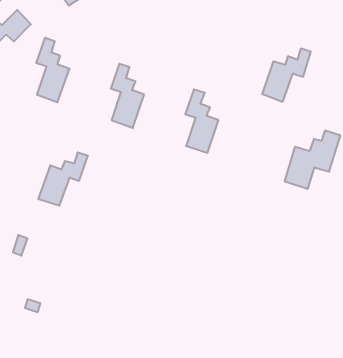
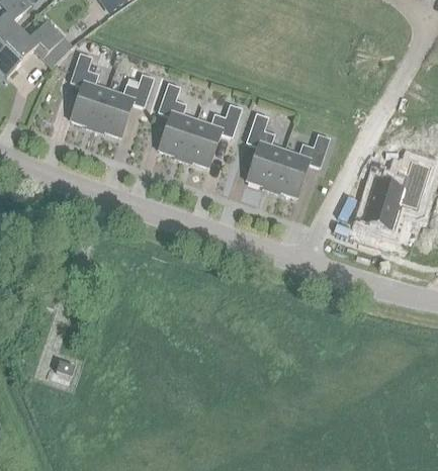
building: [262,49,311,102] -> [272,134,330,197]
building: none -> [184,104,242,167]
building: [38,152,88,206] -> [95,74,154,136]

